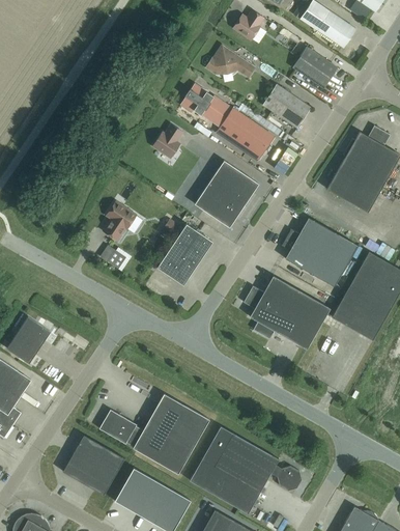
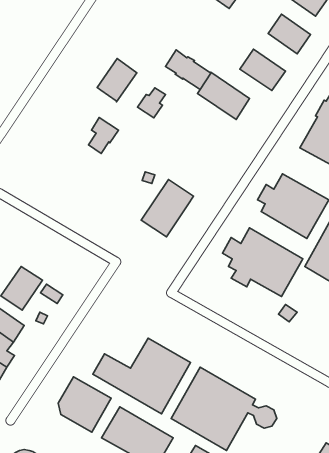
building: [206,47,254,77] -> none
building: none -> [97,59,137,102]
building: [194,161,259,228] -> none
building: [104,202,136,241] -> [89,118,119,153]

